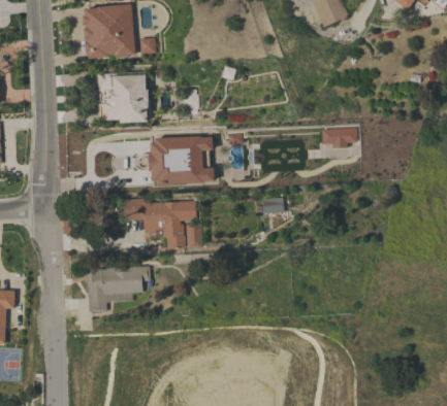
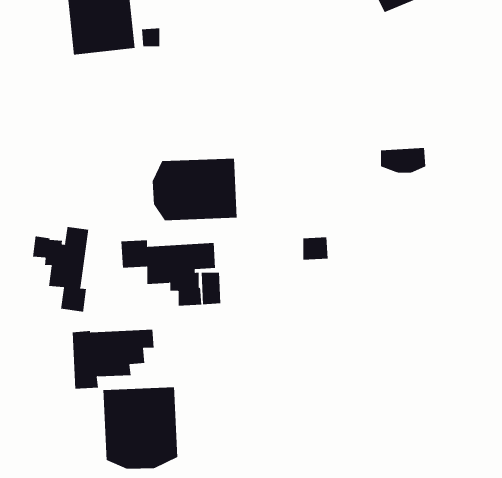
building: [97,71,154,122] -> none
building: none -> [32,226,89,312]
building: none -> [103,387,178,470]

